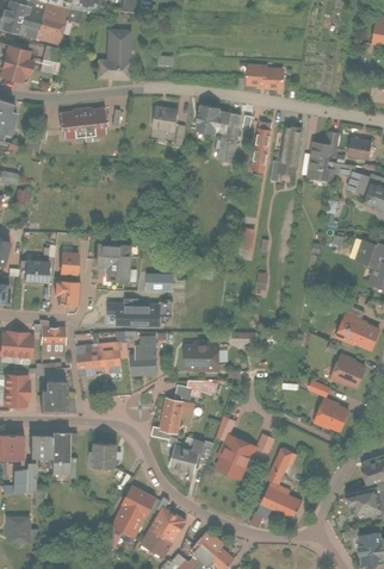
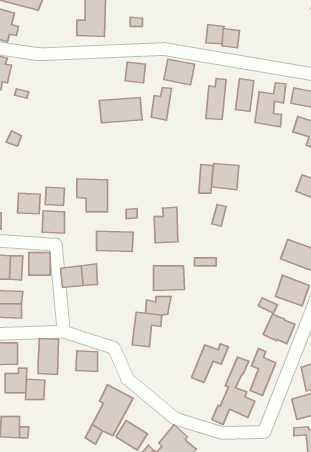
building: [57,108,107,138] -> [99,97,142,123]
building: [217,123,241,161] -> [151,87,172,120]
building: none -> [211,164,239,190]
building: [131,334,159,376] -> [154,207,178,243]
building: [38,380,70,407] -> none
building: [215,419,244,474] -> [250,348,276,395]
building: [29,432,51,456] -> [25,379,45,400]
building: [167,436,205,474] -> none
building: [153,506,188,539] -> none

